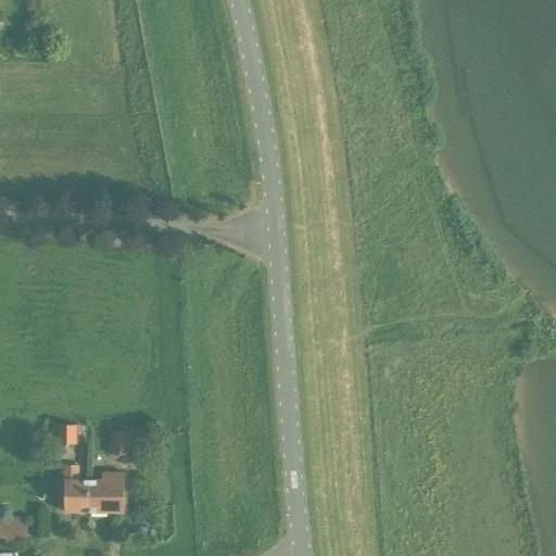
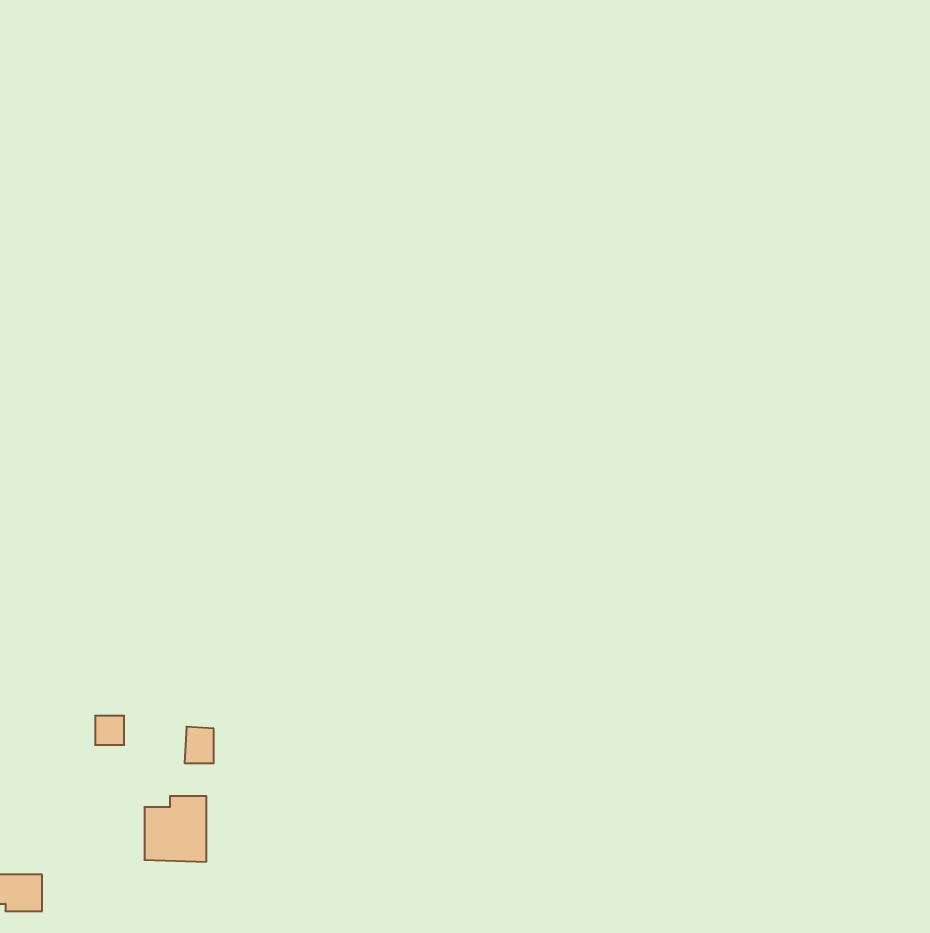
building: [62,465,86,511] -> none

